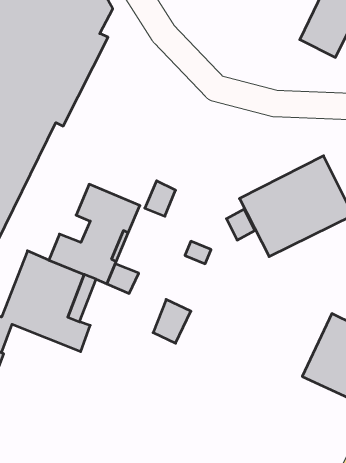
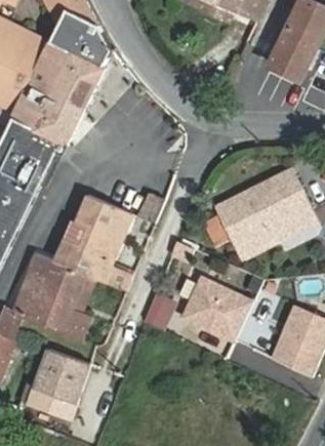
building: none -> [181,278,251,341]
building: none -> [26,346,91,417]

